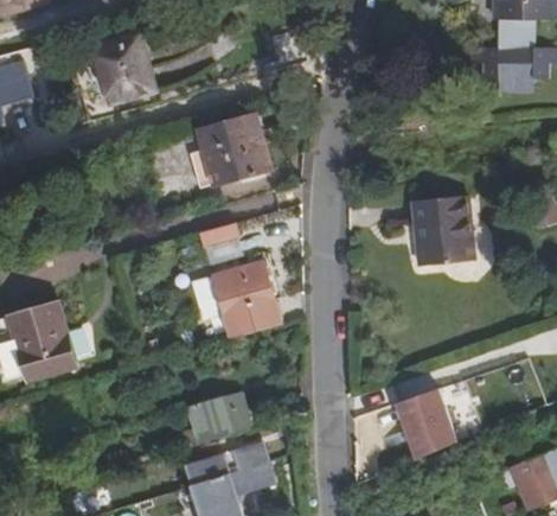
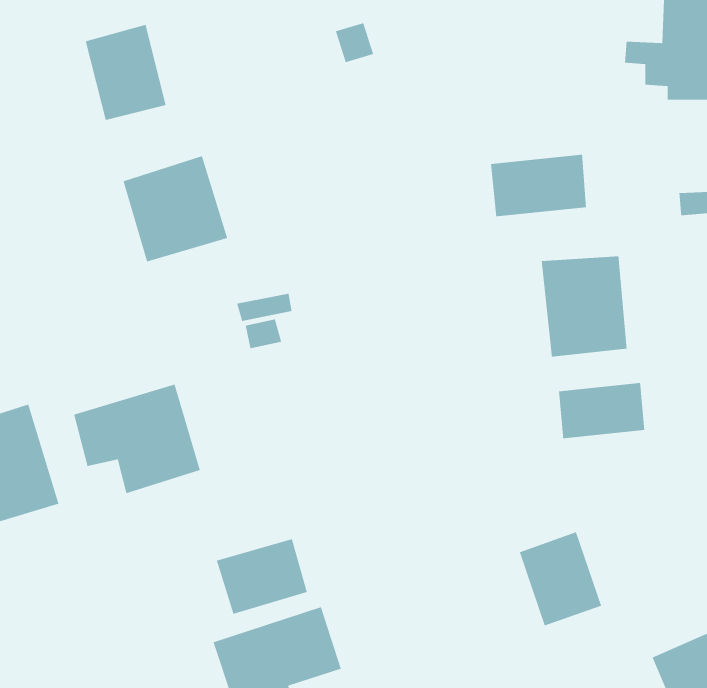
building: [198,110,271,185] -> [123,155,228,262]
building: none -> [490,154,587,217]
building: [193,261,282,338] -> [73,384,201,494]
building: none -> [558,382,645,439]

